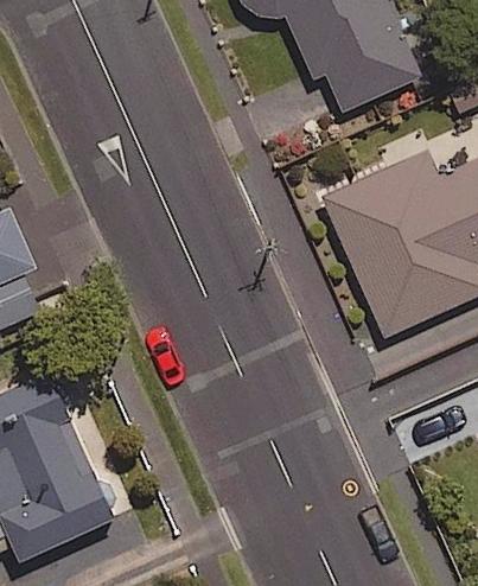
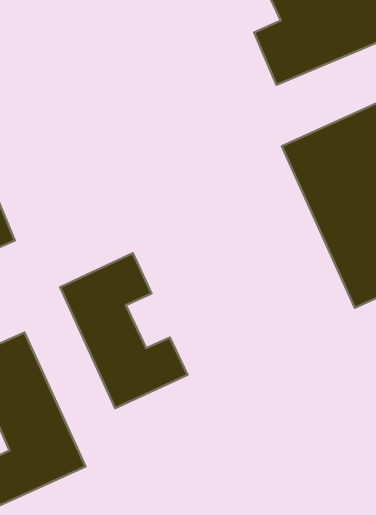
building: none -> [60,253,187,408]

